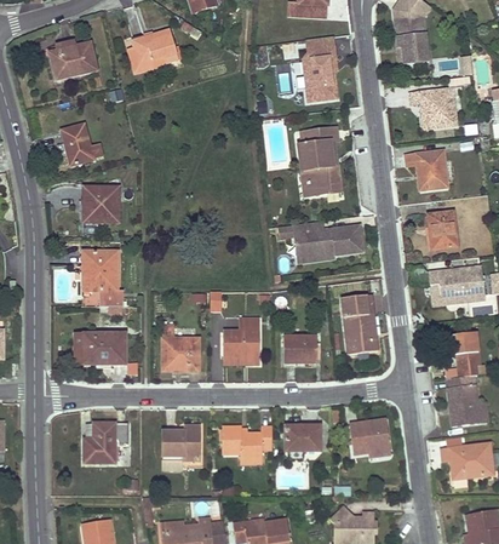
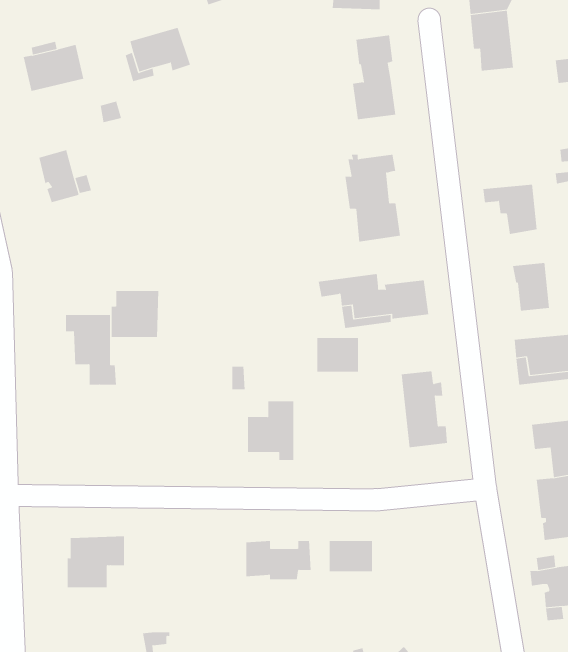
building: [409,88,457,127] -> none
building: [82,185,120,222] -> [111,290,159,338]
building: [162,323,199,370] -> none
building: [75,333,125,366] -> none
building: [283,336,316,362] -> [316,337,359,372]
building: [350,418,390,453] -> none
building: [162,425,199,468] -> none

